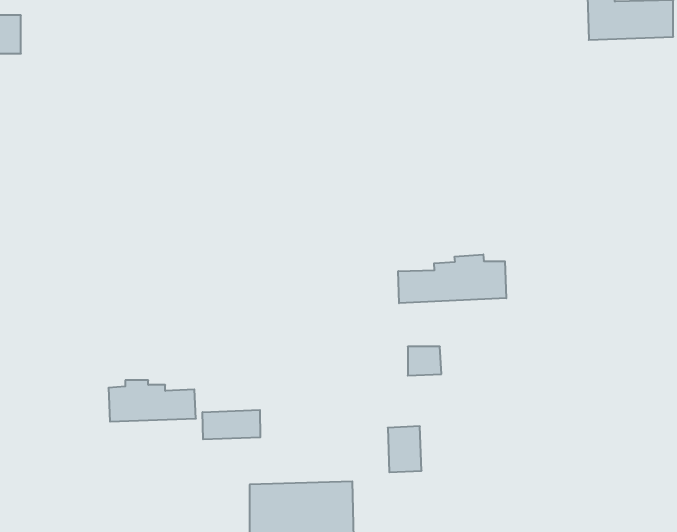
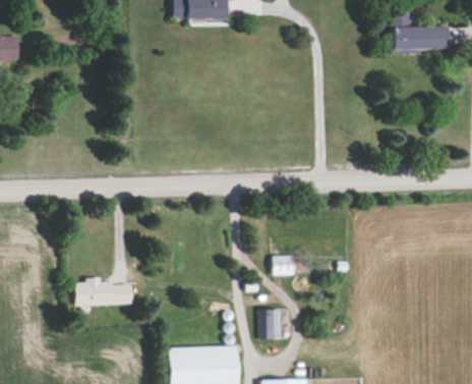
building: [398,254,506,303] -> none
building: [203,410,260,439] -> none

